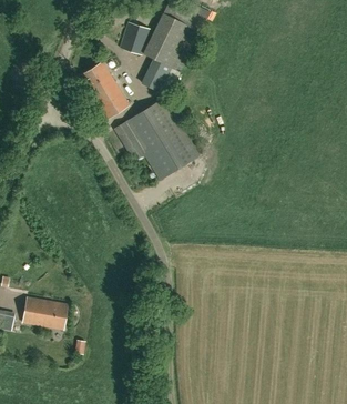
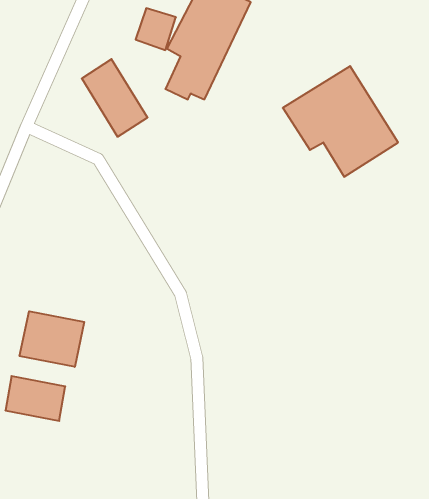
building: [113,98,198,180] -> [283,66,398,177]
building: none -> [20,311,84,367]

